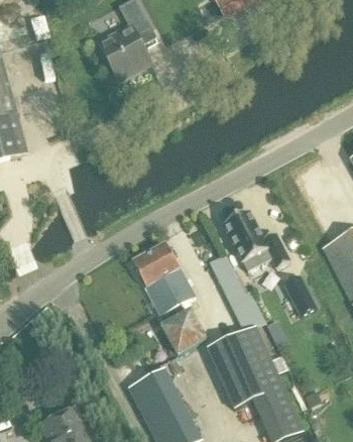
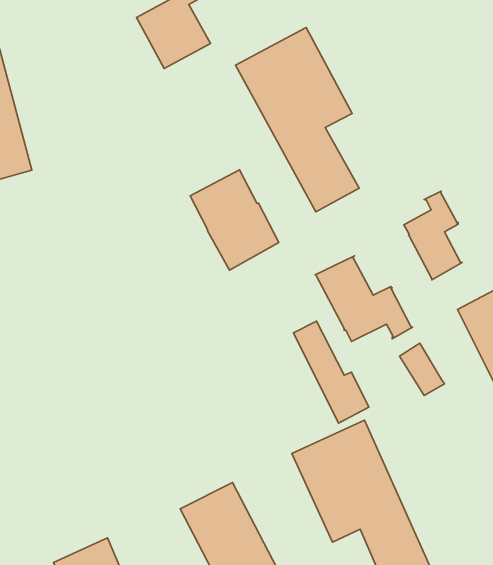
building: none -> [236,27,359,212]
building: none -> [404,191,462,280]
building: [132,244,194,314] -> [190,170,279,270]
building: [161,306,208,351] -> none

